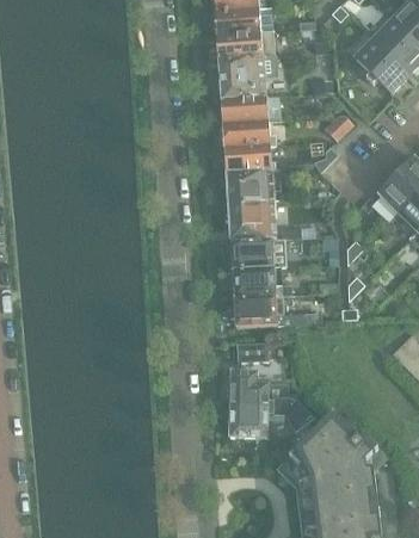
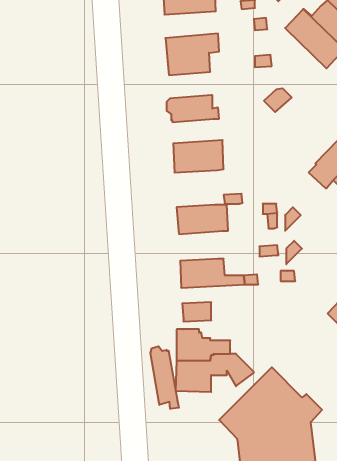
building: [216,31,273,60] -> none
building: [221,94,278,124] -> none
building: [224,146,286,172] -> none
building: [227,200,273,240] -> none
building: [230,265,290,297] -> none
building: none -> [150,346,179,409]

